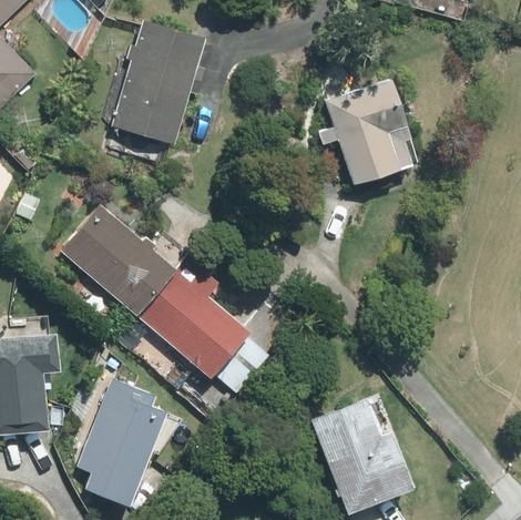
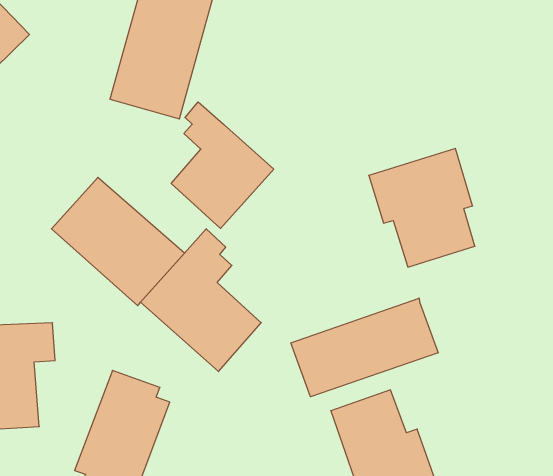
building: [316,78,412,185] -> [369,149,475,267]
building: none -> [171,102,274,228]
building: none -> [291,298,438,397]

